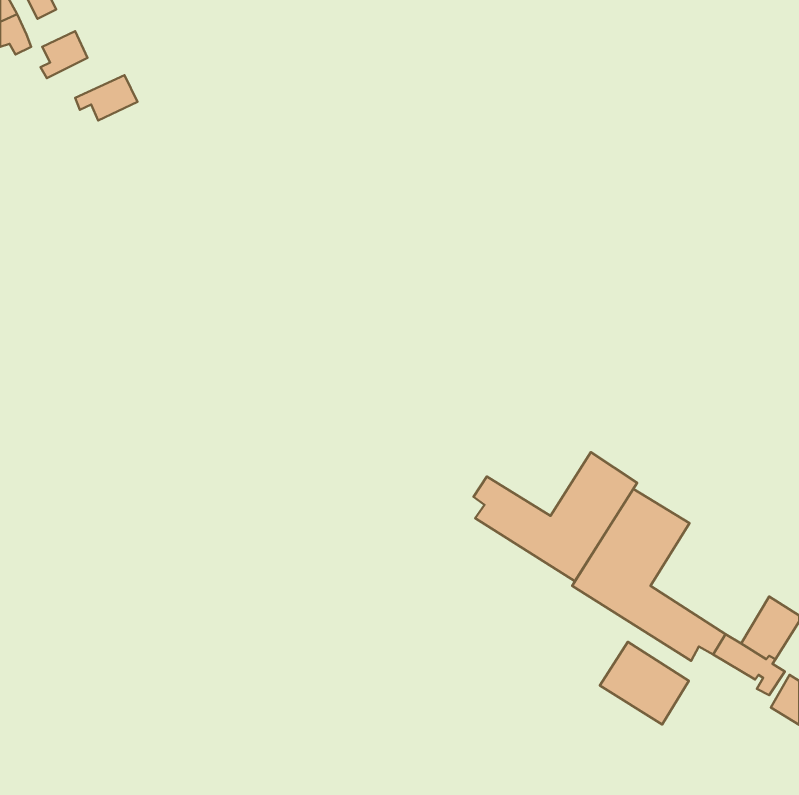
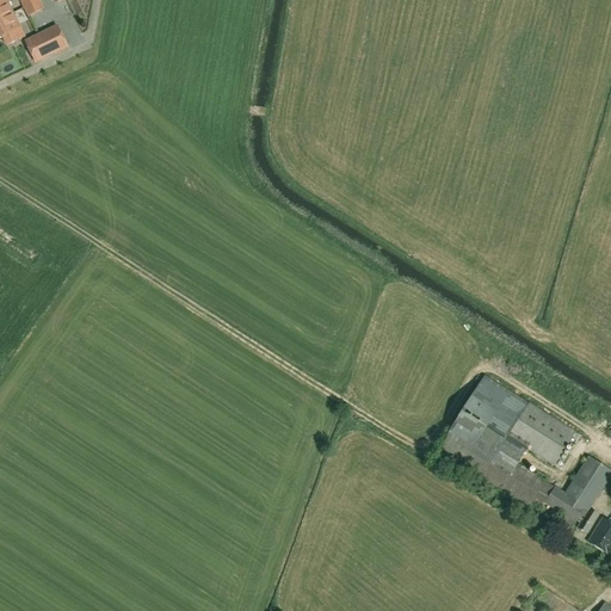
building: [75,75,138,121] -> none
building: [474,452,637,581] -> none
building: [600,642,689,725] -> [507,401,575,464]

